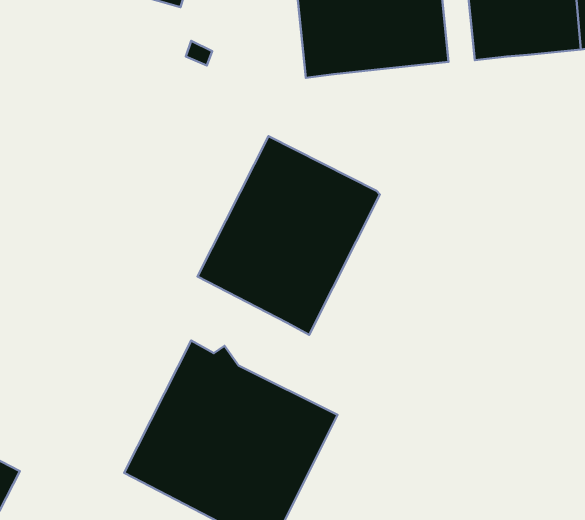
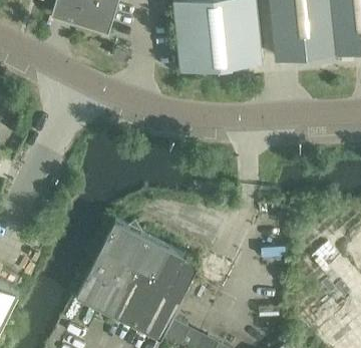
building: [197,136,380,335] -> none

